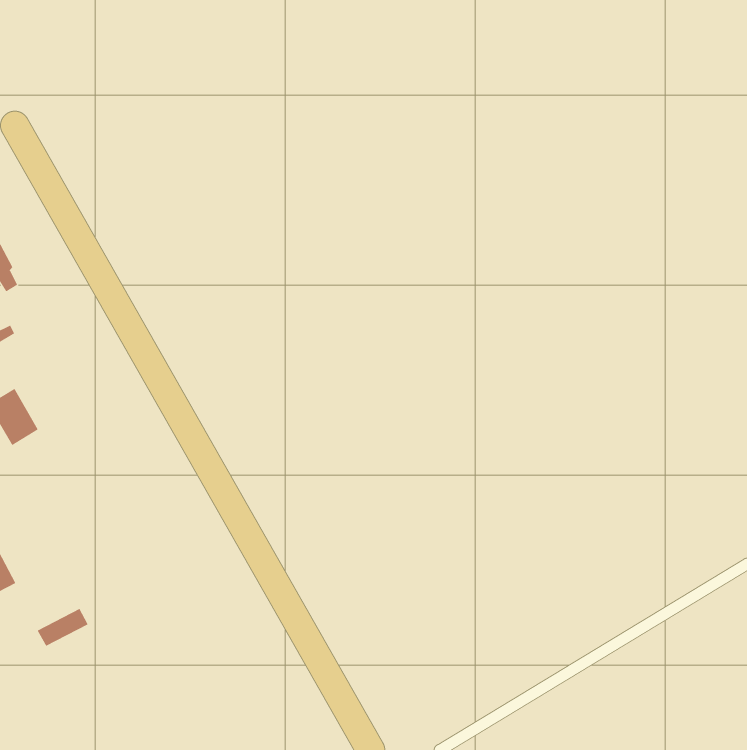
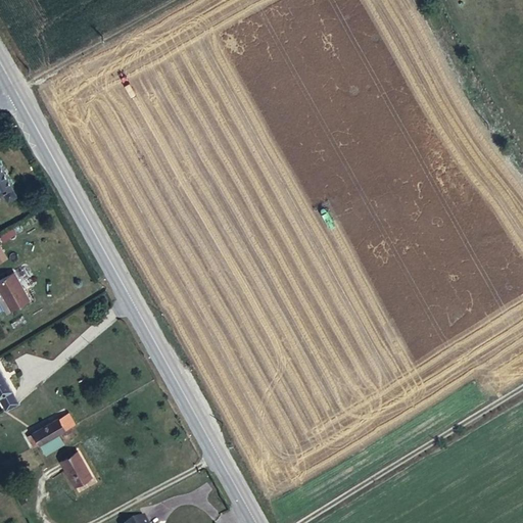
building: none -> [62,457,93,491]

